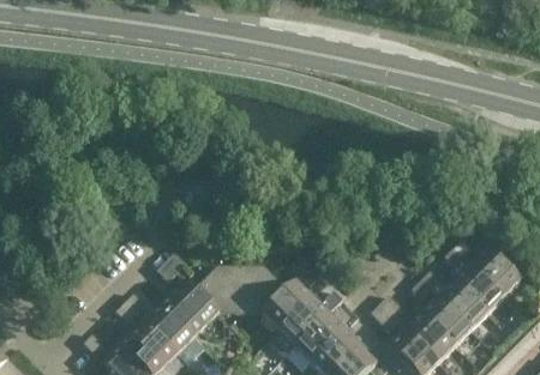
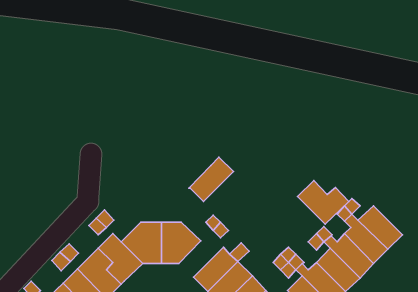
building: none -> [297,181,349,224]
building: [262,278,313,329] -> [189,157,233,202]

